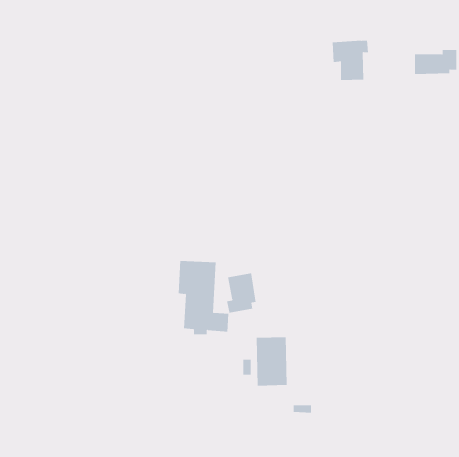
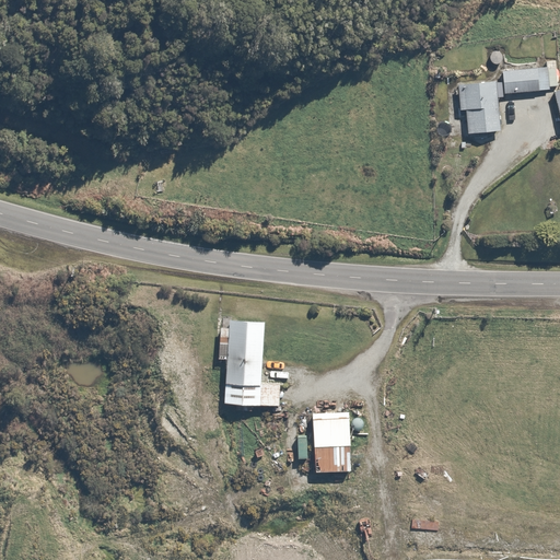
building: [332,40,369,81] -> [458,83,503,132]
building: [227,273,256,313] -> none

